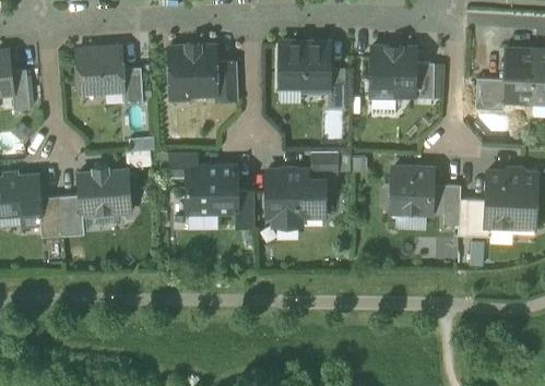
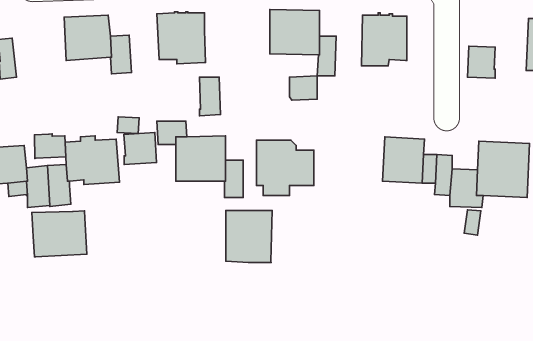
building: [501,48,535,101] -> none
building: [215,62,236,100] -> [199,77,220,116]
building: [413,63,434,98] -> none
building: [310,149,337,173] -> [290,76,317,100]
building: none -> [124,132,157,165]
building: none -> [34,134,66,158]
building: none -> [226,211,272,262]
building: none -> [32,211,87,257]

